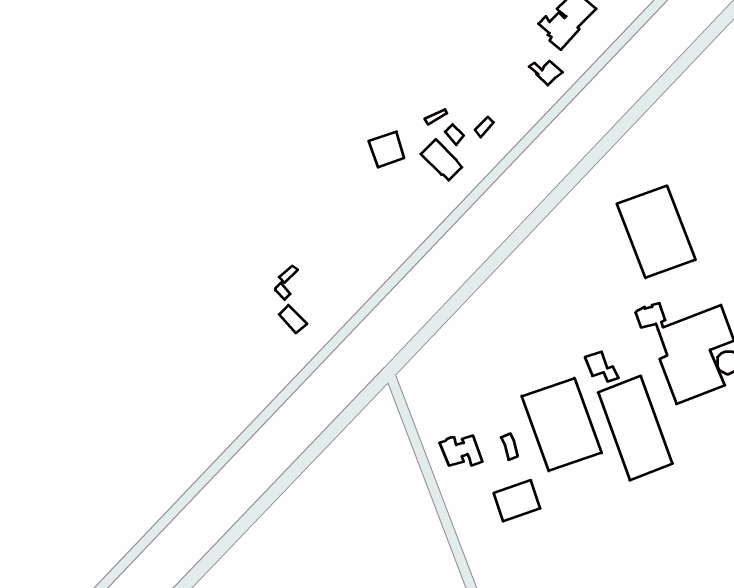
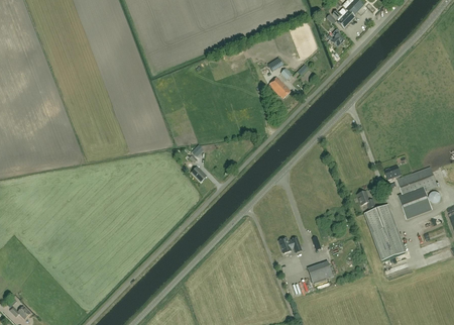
building: [617,186,695,278] -> none
building: [522,378,602,471] -> none

